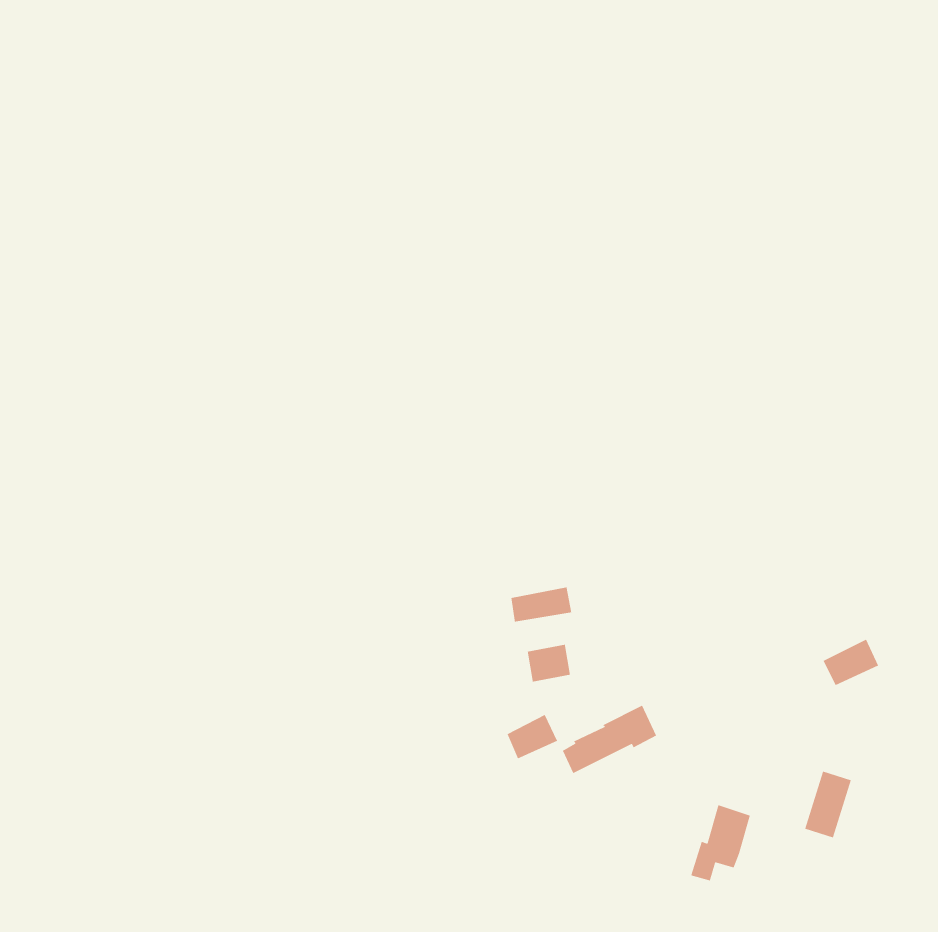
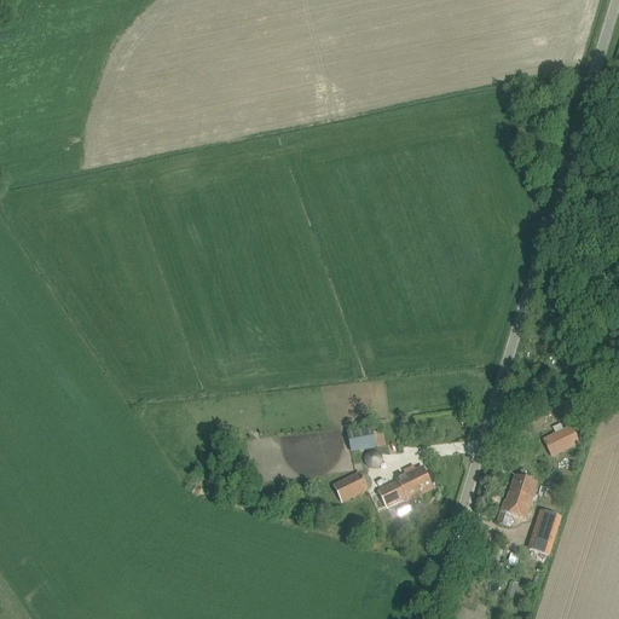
building: [510,586,572,623] -> none
building: [690,804,751,881] -> [497,473,537,523]

